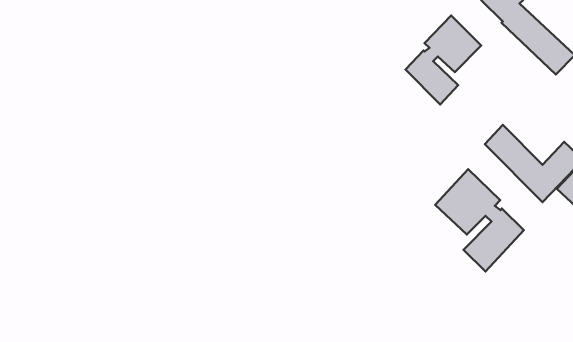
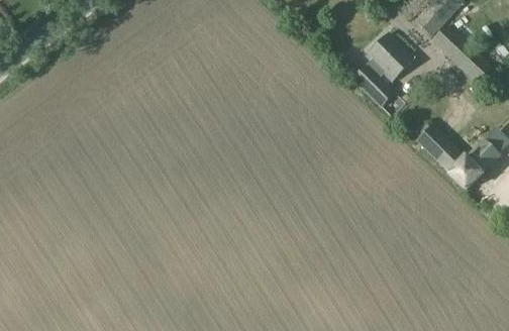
building: [435,169,524,272] -> none

